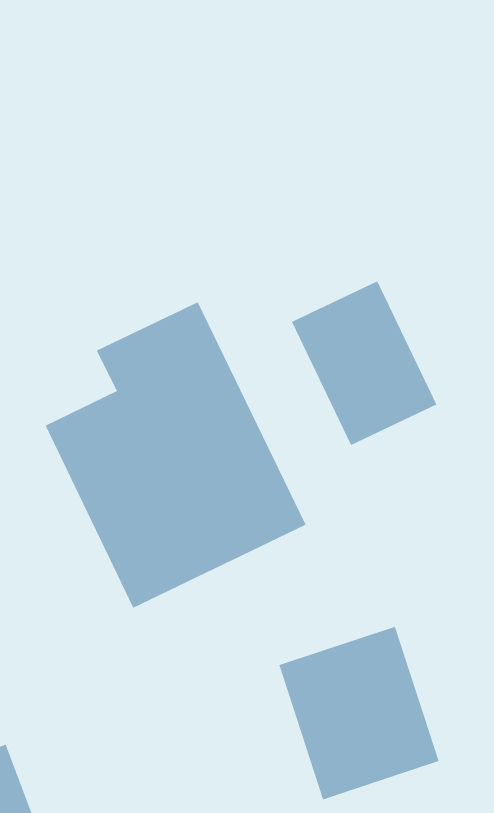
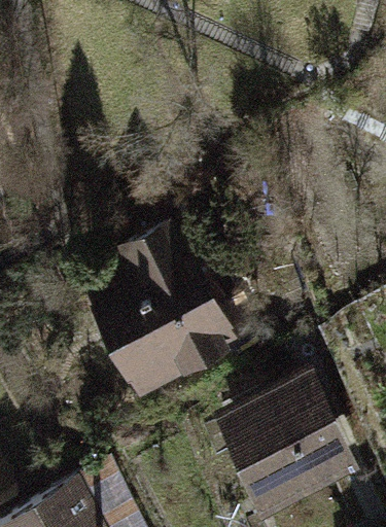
building: [291,281,437,446] -> none

